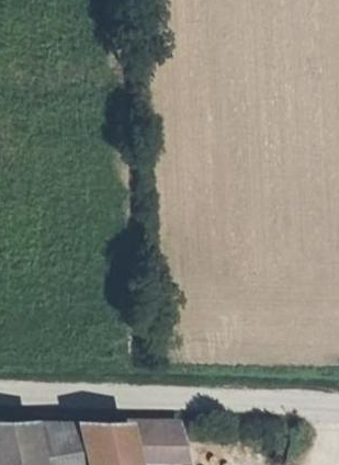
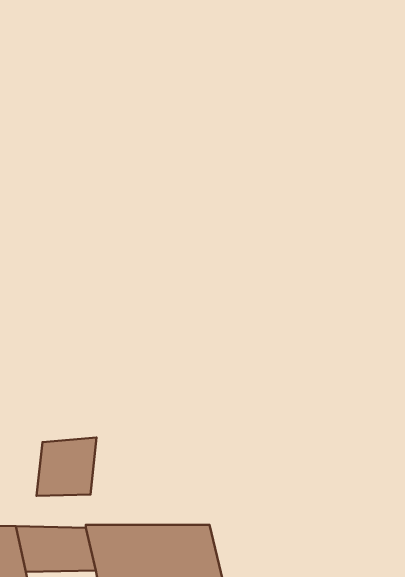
building: none -> [36,438,96,496]

